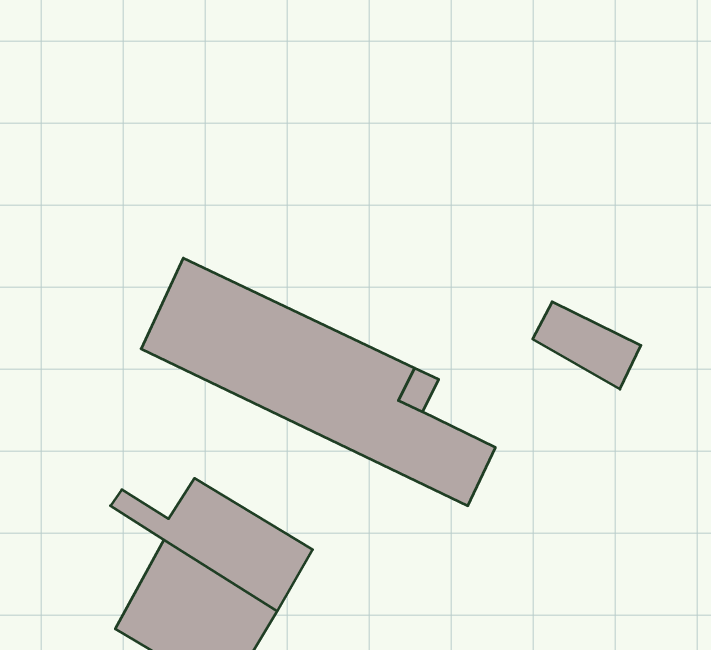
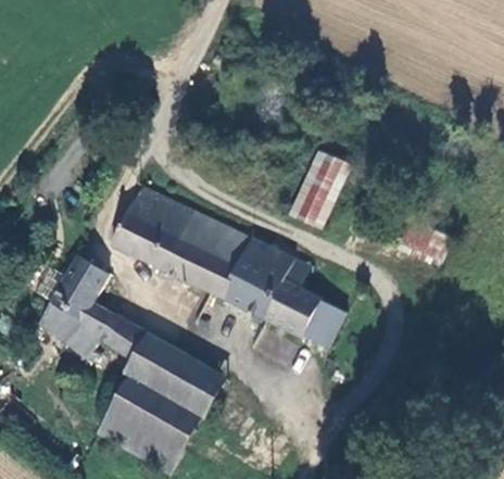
building: none -> [289,151,346,227]
building: none -> [36,255,147,358]

